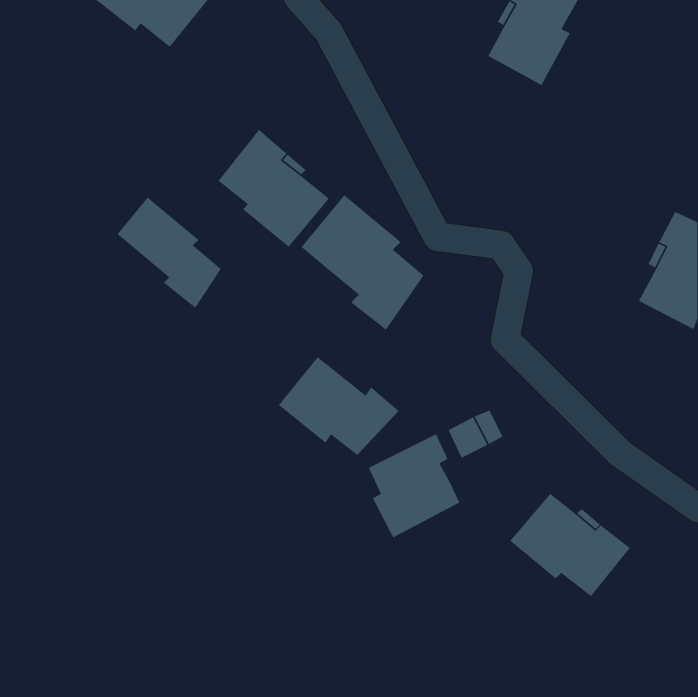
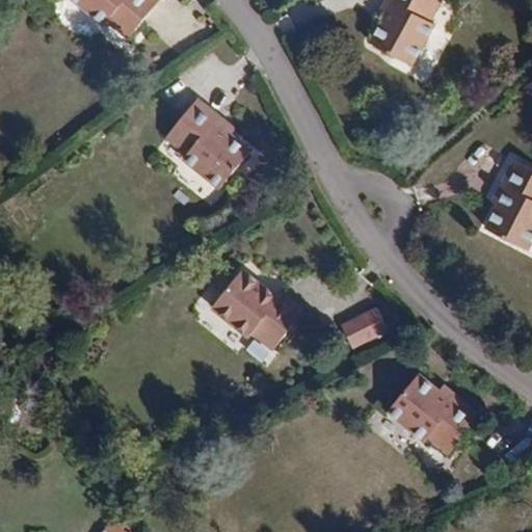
building: [301,194,425,331] -> none
building: [116,197,222,309] -> none
building: [368,433,461,538] -> none

